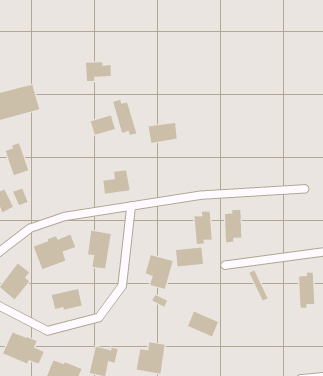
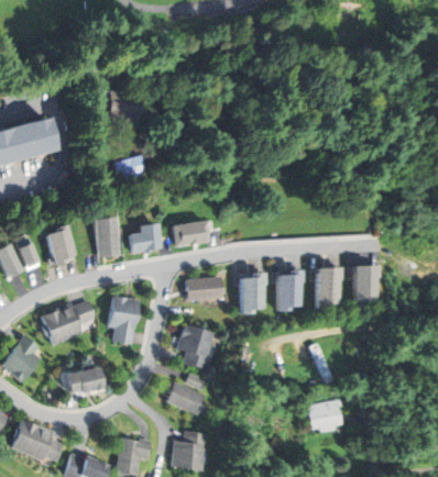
building: [113,99,137,136] -> none
building: [148,123,178,143] -> [172,221,208,246]
building: [5,143,29,176] -> [46,224,76,265]
building: none -> [94,217,120,257]
building: none -> [317,267,339,308]
building: [175,247,204,267] -> [187,276,222,300]
building: [298,272,315,308] -> [354,266,375,310]
building: [187,311,219,337] -> [169,382,208,414]
building: none -> [306,398,341,429]

